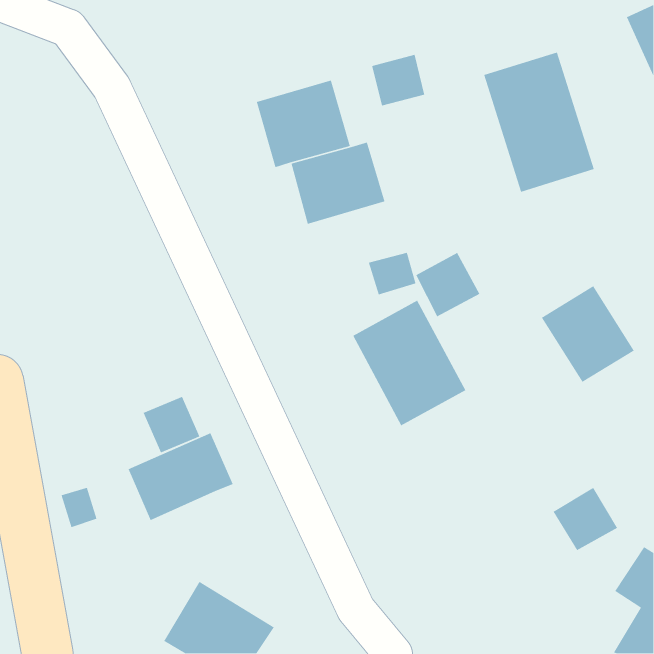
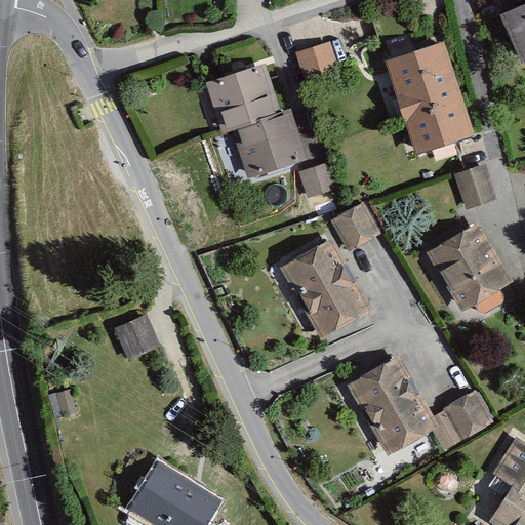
building: none -> [457,167,493,206]
building: [368,252,417,295] -> [299,163,338,198]
building: [127,432,234,521] -> none
building: none -> [346,355,438,455]

